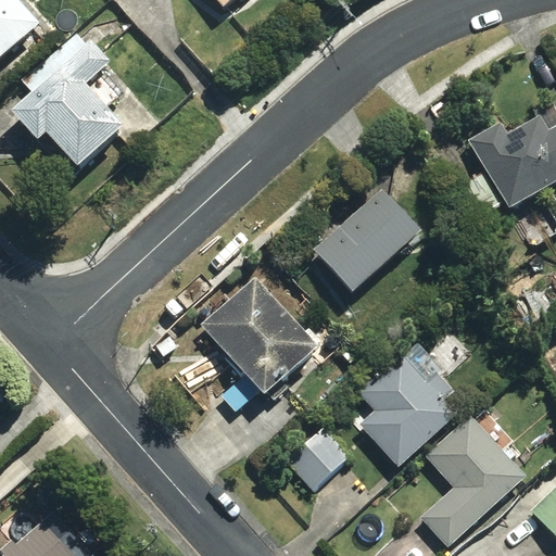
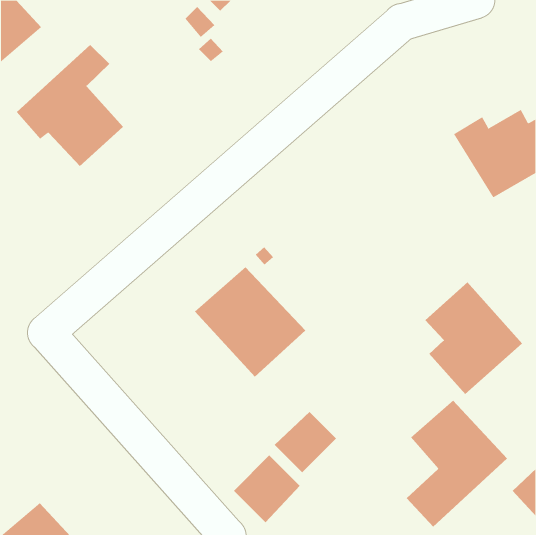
building: [314,188,419,290] -> none
building: [355,350,457,467] -> [424,281,523,395]
building: none -> [233,455,300,523]

